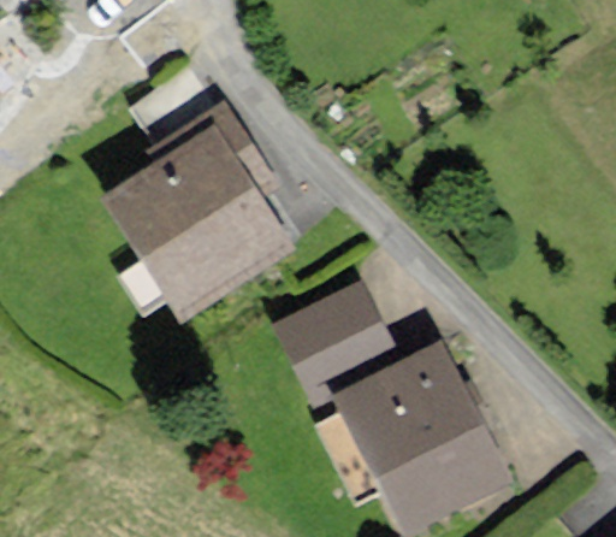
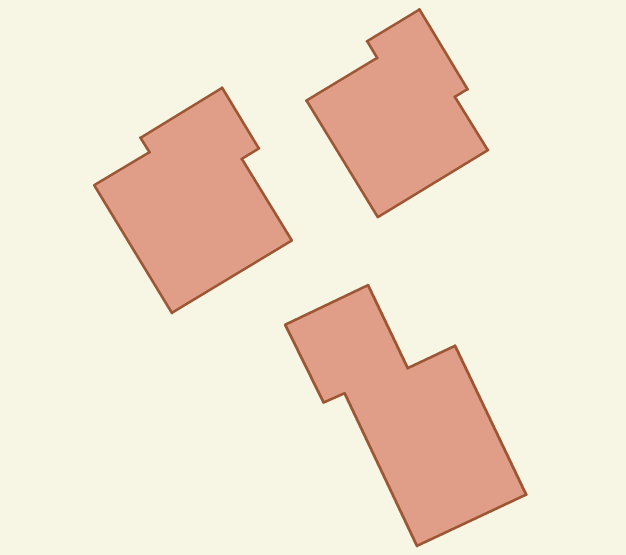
building: none -> [306,9,488,217]

